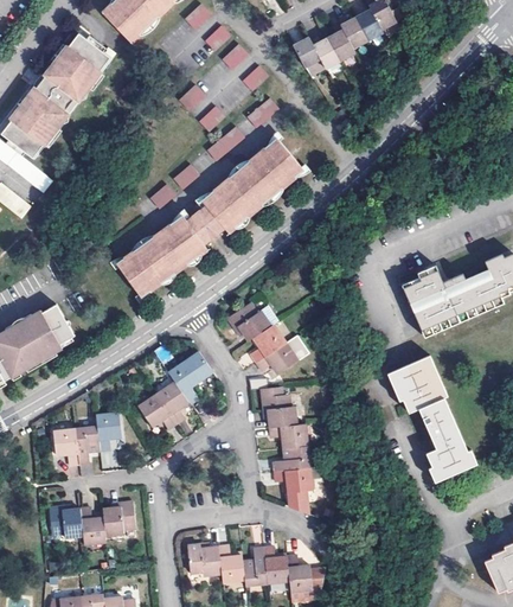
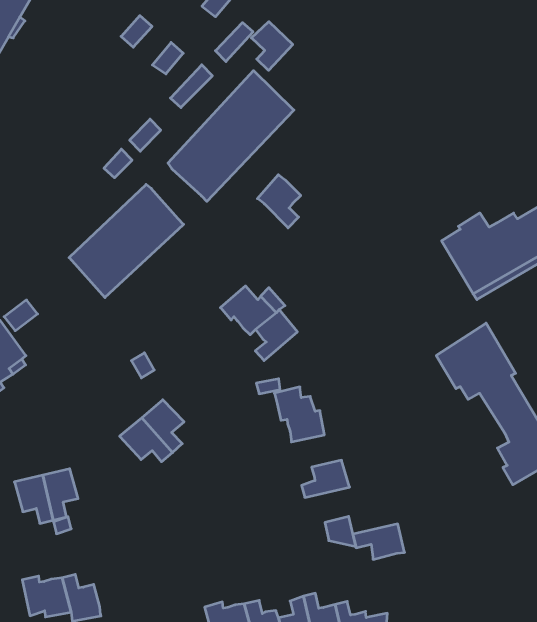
building: none -> [251,22,293,70]
building: [186,205,224,244] -> none
building: none -> [257,175,301,228]
building: [256,343,296,373] -> none
building: [168,351,212,401] -> none
building: [96,411,120,449] -> none
building: [269,423,306,448] -> none
building: [274,467,312,492] -> [353,524,405,559]
building: [103,500,135,535] -> none

